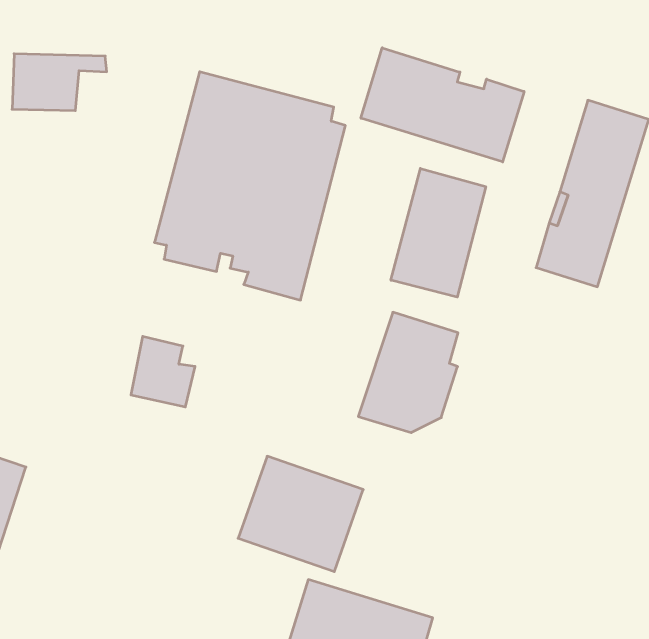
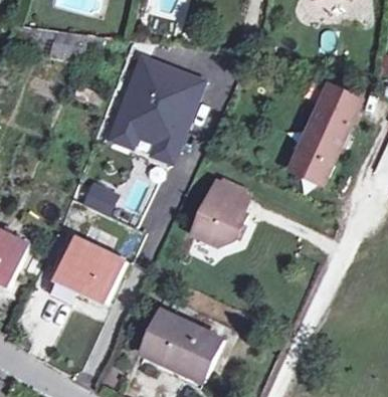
building: [361,48,524,162] -> none
building: [391,168,486,297] -> none
building: [238,456,363,572] -> [56,237,123,300]

